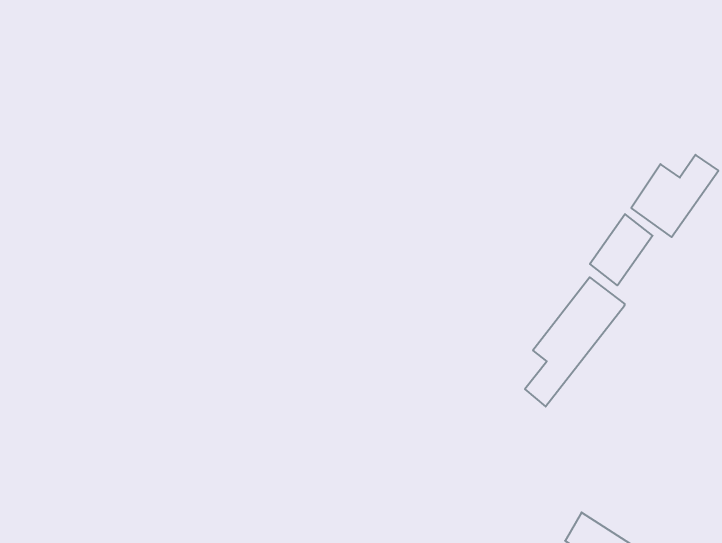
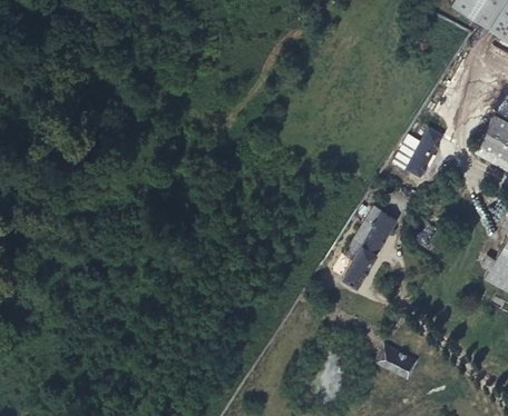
building: [590,214,653,285] -> none

